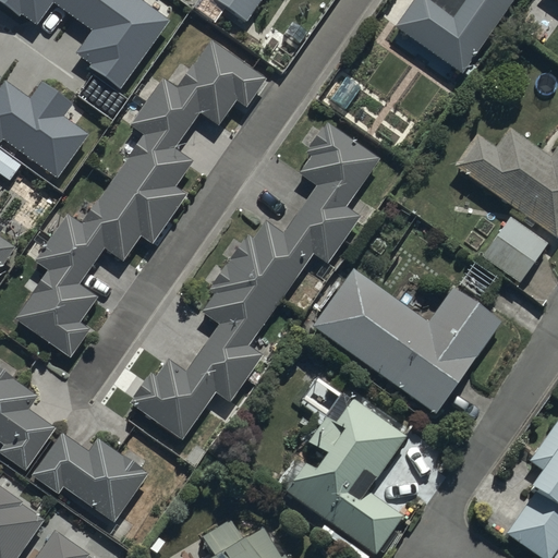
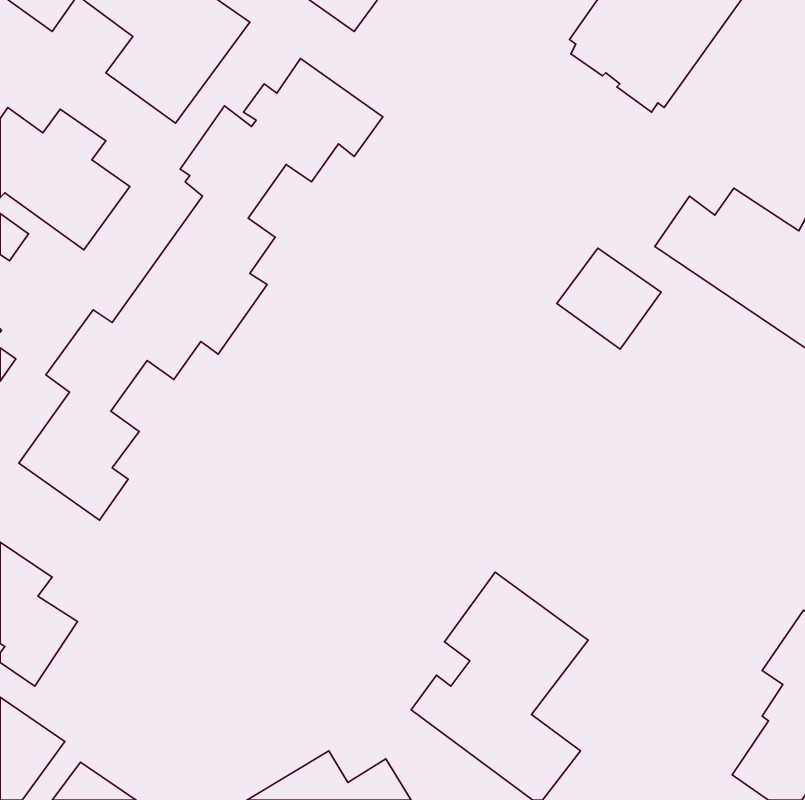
building: [130,122,379,440] -> none
building: [481,216,553,286] -> [557,248,661,349]
building: [312,269,499,415] -> none
building: [31,433,148,522] -> none

